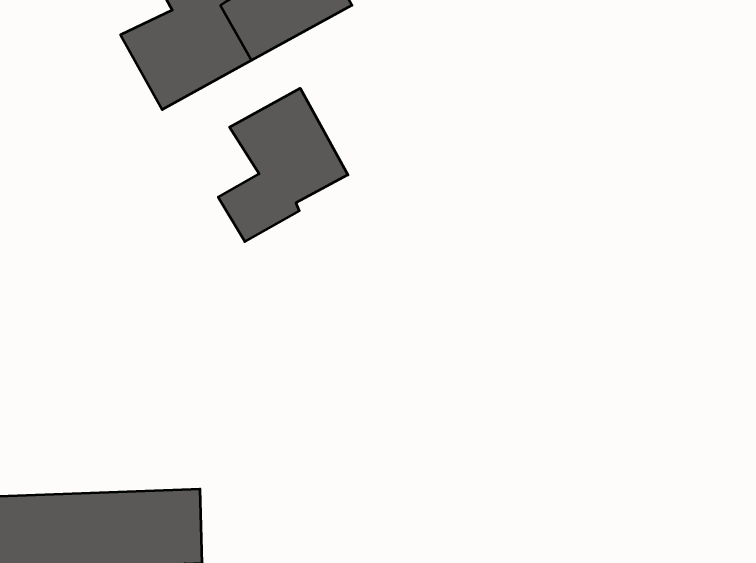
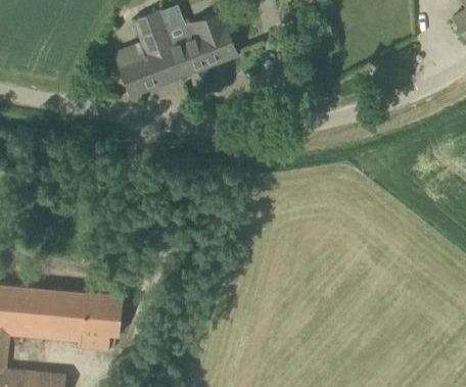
building: [218,88,348,242] -> none

